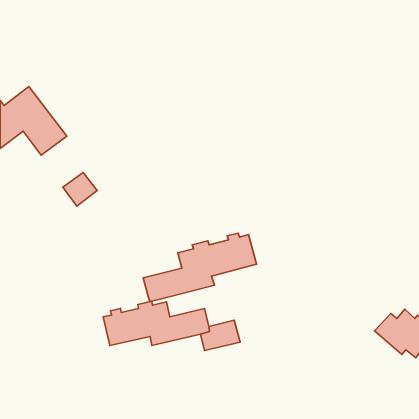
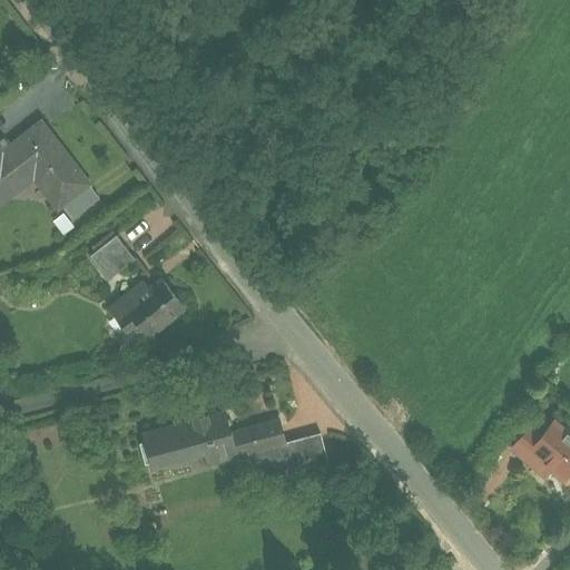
building: none -> [104,277,186,341]
building: [143,233,256,301] -> none

